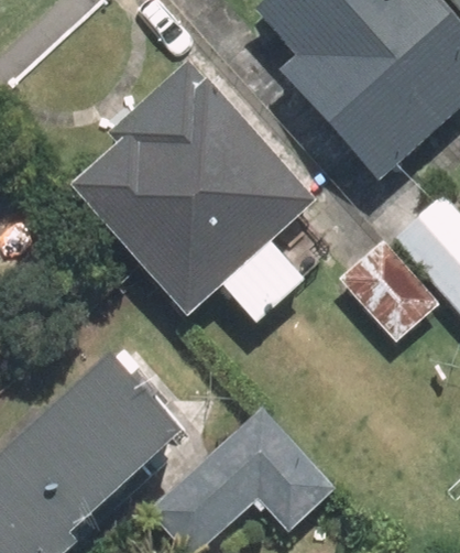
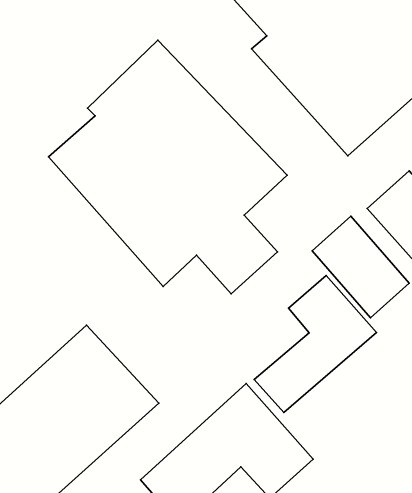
building: none -> [254,275,377,413]

